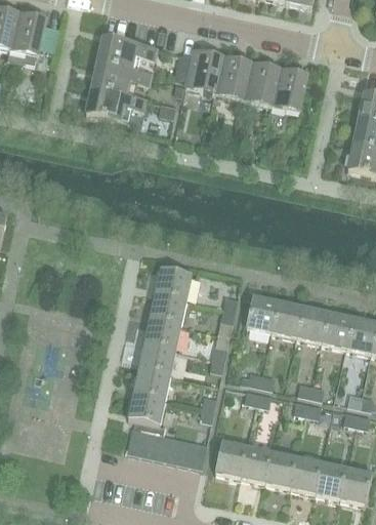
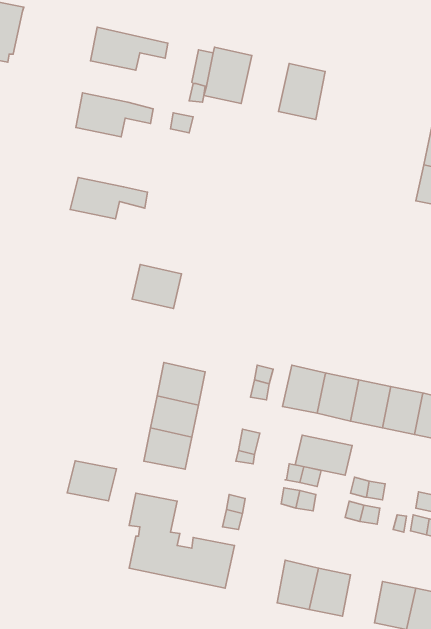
building: [213,56,250,99] -> none
building: [91,60,151,92] -> [70,178,148,219]
building: [270,69,307,112] -> none
building: [154,266,192,299] -> [132,265,182,309]
building: none -> [295,435,352,475]
building: [132,368,170,399] -> [67,461,116,501]
building: [215,439,247,477] -> none
building: [291,455,322,492] -> none

